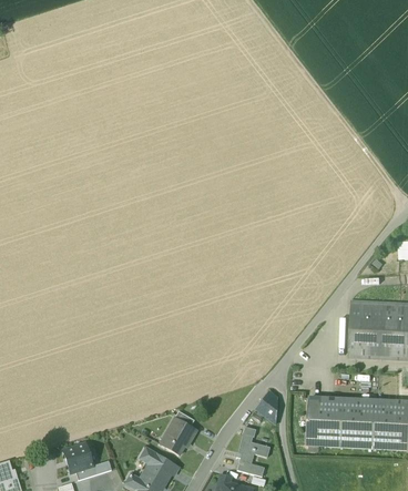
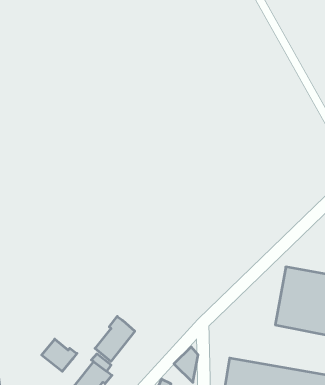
building: none -> [95,316,135,361]
building: none -> [42,339,77,371]

